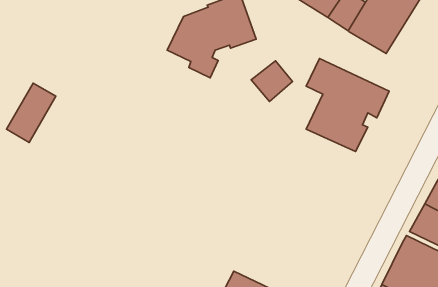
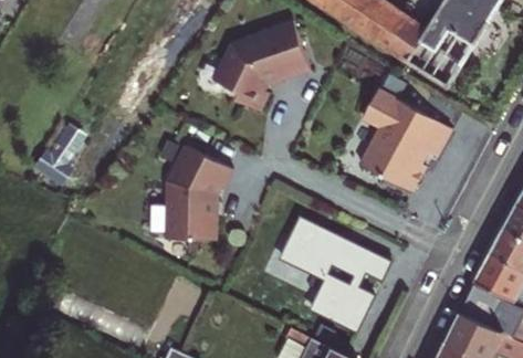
building: [251,61,293,102] -> none
building: none -> [163,145,227,239]
building: none -> [282,217,390,328]

